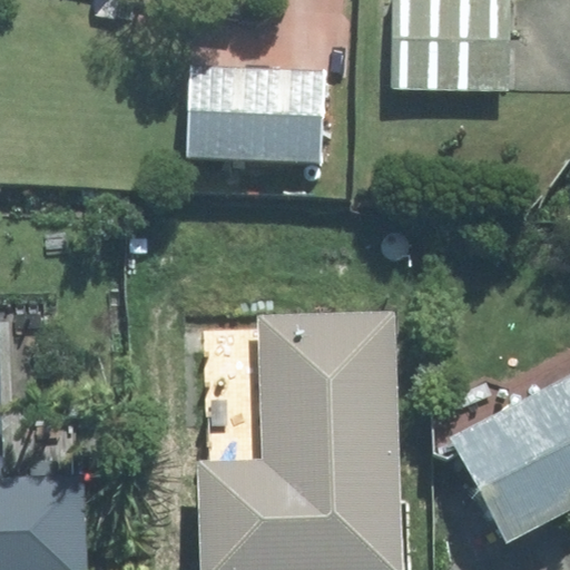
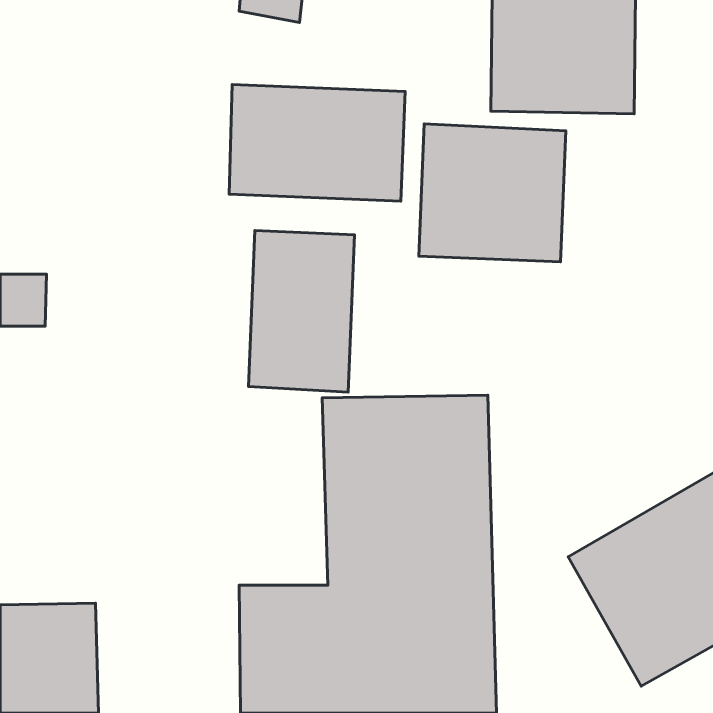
building: none -> [419,124,566,262]
building: none -> [249,230,354,392]

